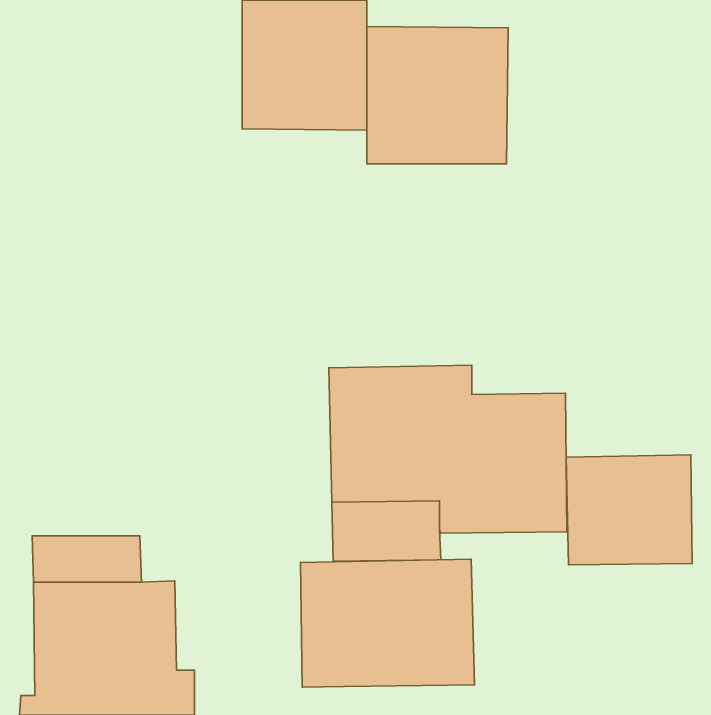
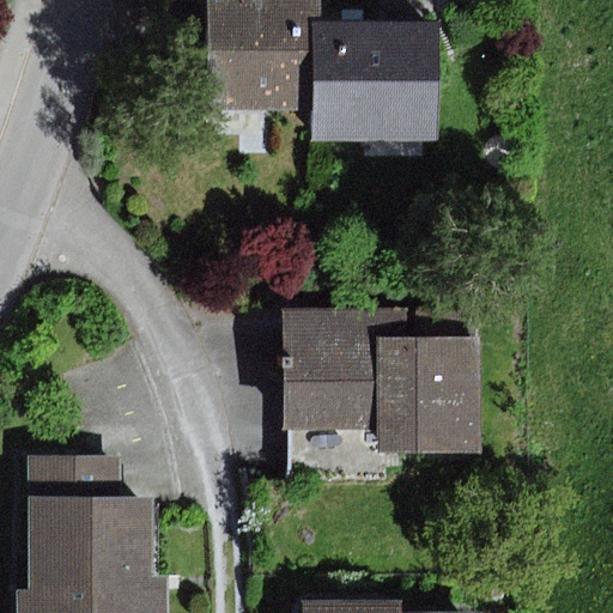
building: [566,455,692,565] -> none
building: [300,559,475,687] -> none

